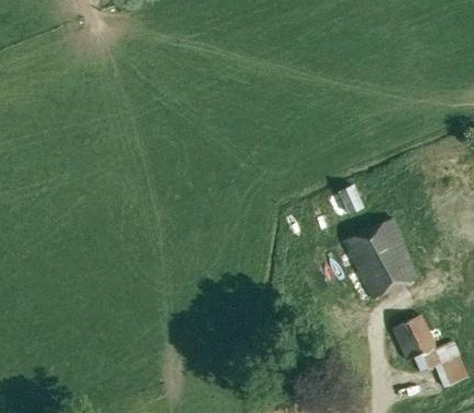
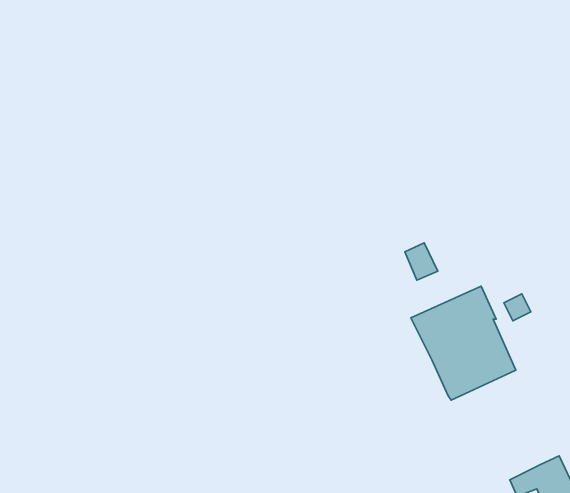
building: [392,316,437,363] -> none

